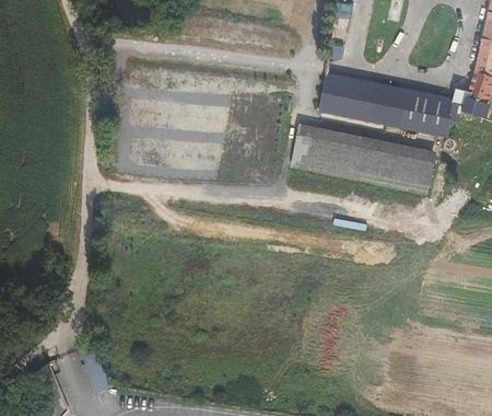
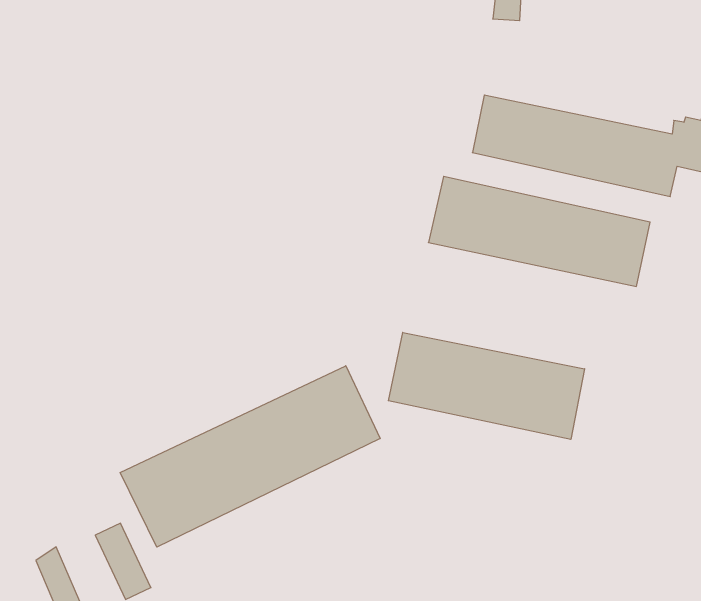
building: none -> [388,332,585,439]
building: none -> [120,366,380,547]

